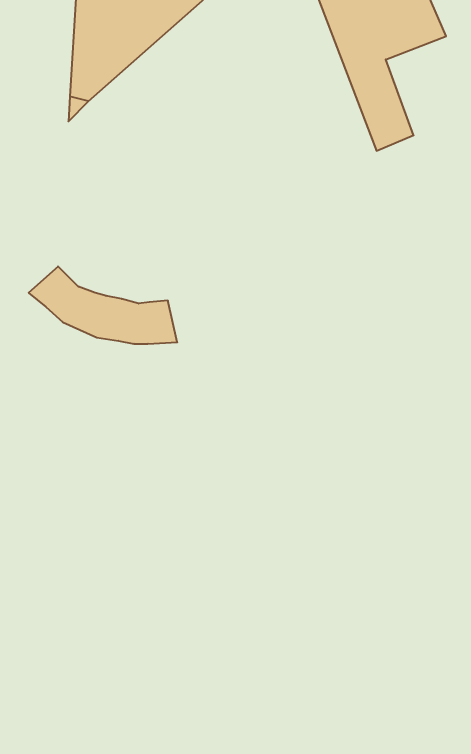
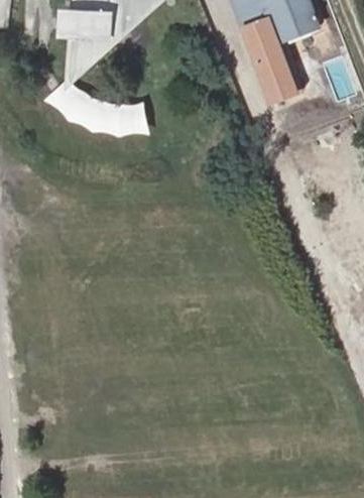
building: [29,266,177,344] -> [46,83,143,133]

